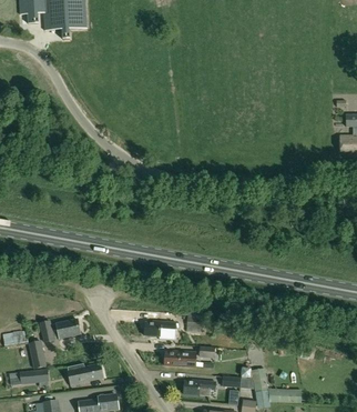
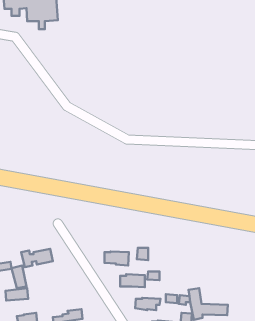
building: [68,363,103,385] -> none

